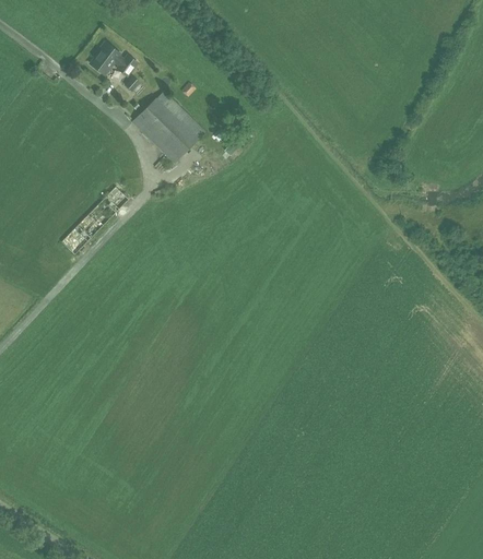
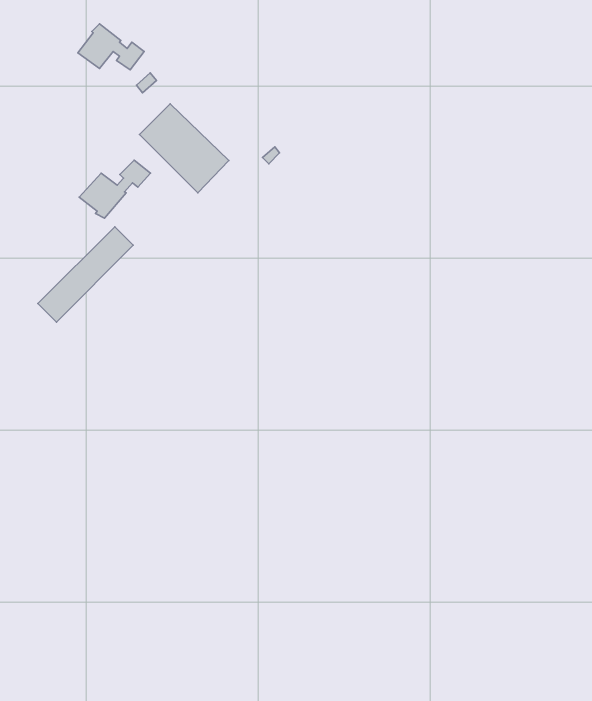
building: none -> [79,160,150,218]

